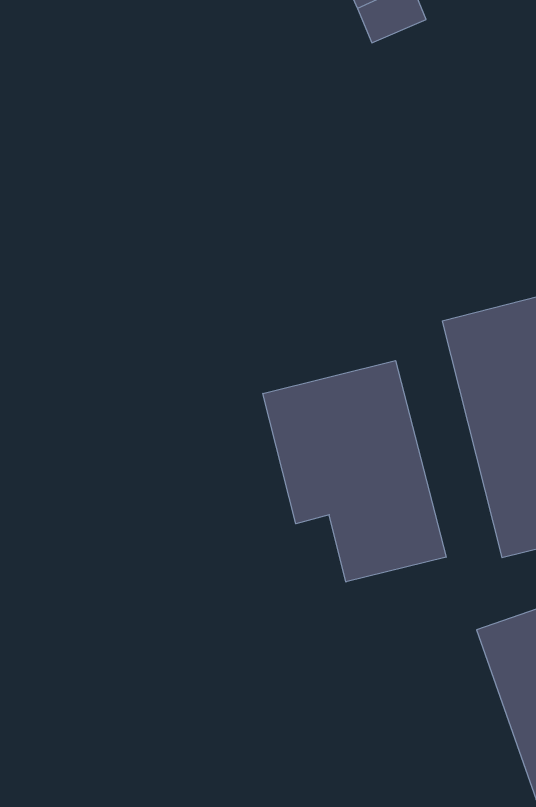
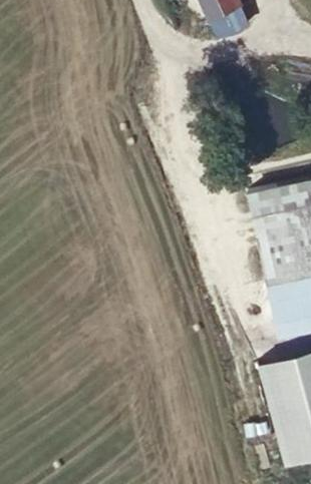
building: [263,361,446,582] -> none

